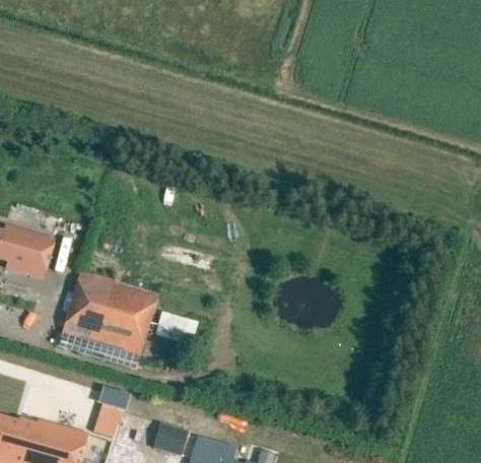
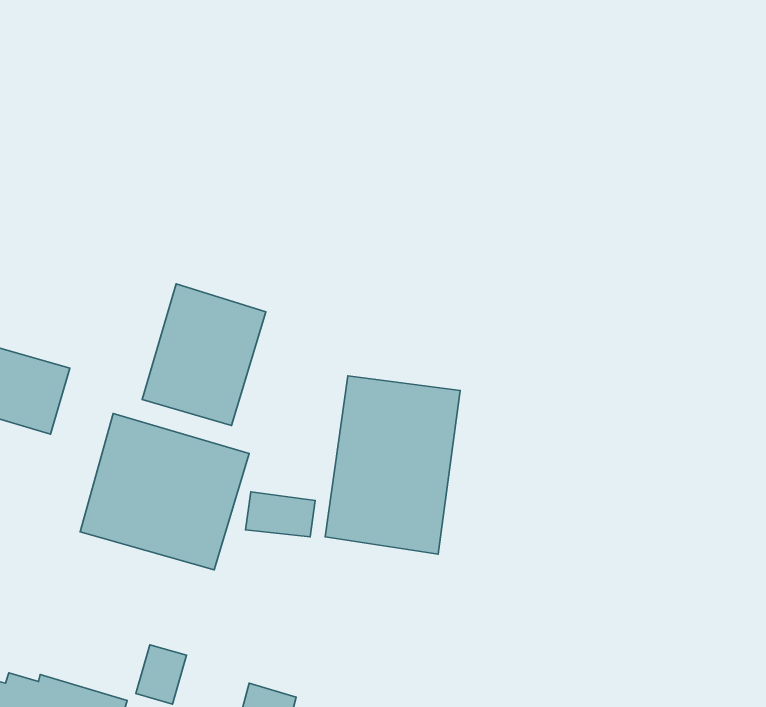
building: none -> [142,284,266,426]
building: none -> [325,376,460,554]

